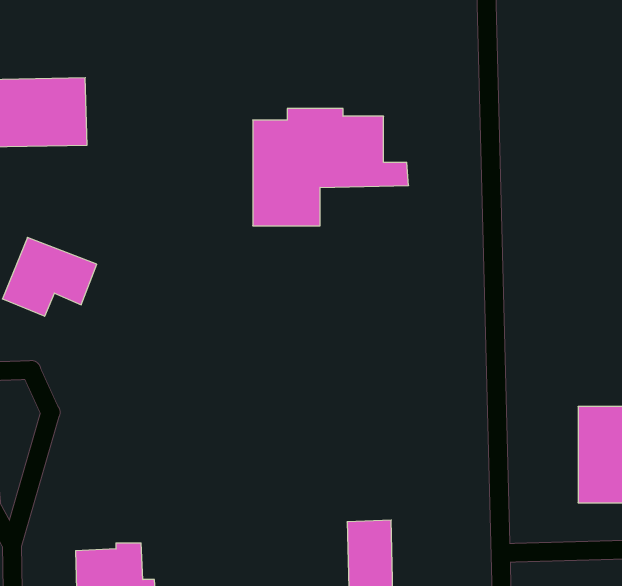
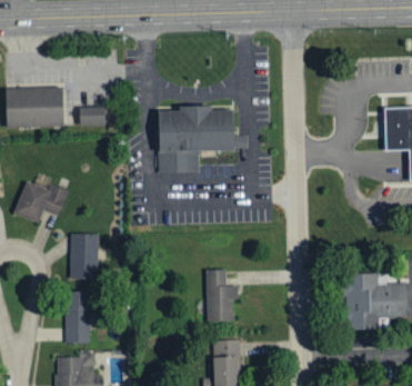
building: none -> [80,105,107,123]
building: none -> [70,234,99,280]
building: none -> [207,270,239,323]
building: none -> [66,291,90,344]

